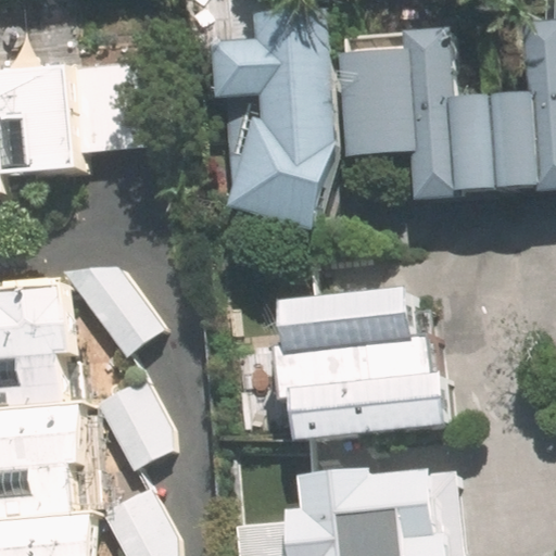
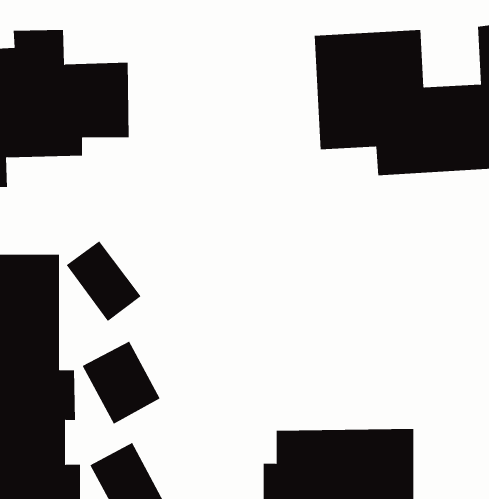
building: [205,10,337,231] -> none
building: [270,288,453,439] -> none

